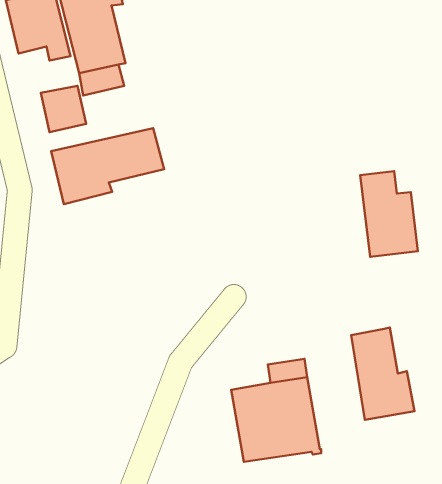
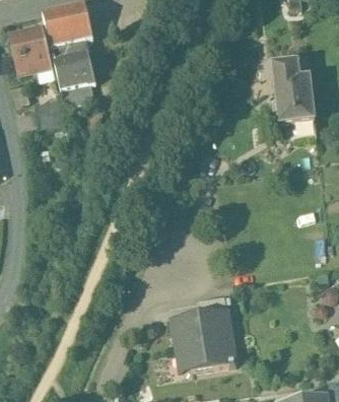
building: [51,128,164,204] -> none
building: [360,171,418,257] -> [272,60,314,122]
building: [351,328,415,420] -> none

